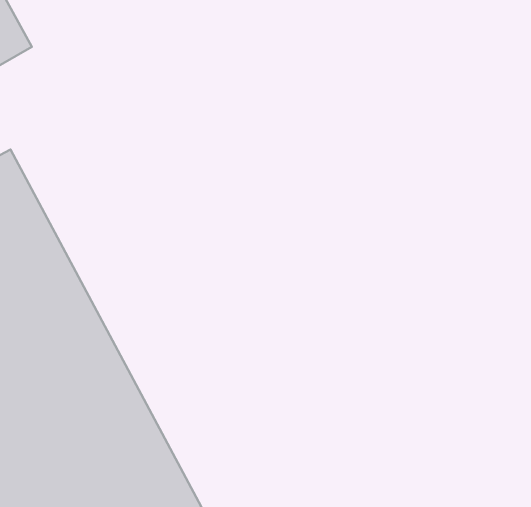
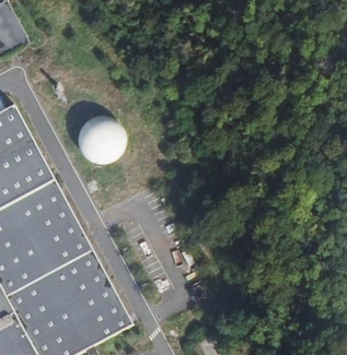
building: none -> [80,119,119,158]

